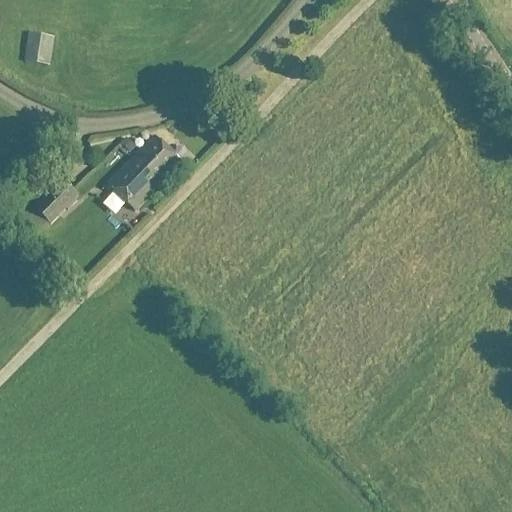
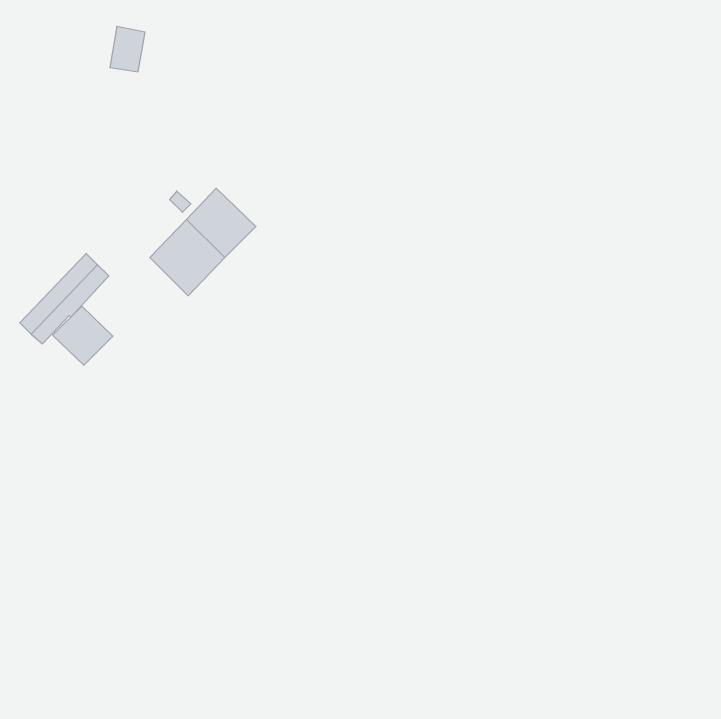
building: [25,31,50,63] -> [110,26,145,72]
building: none -> [53,306,113,365]

